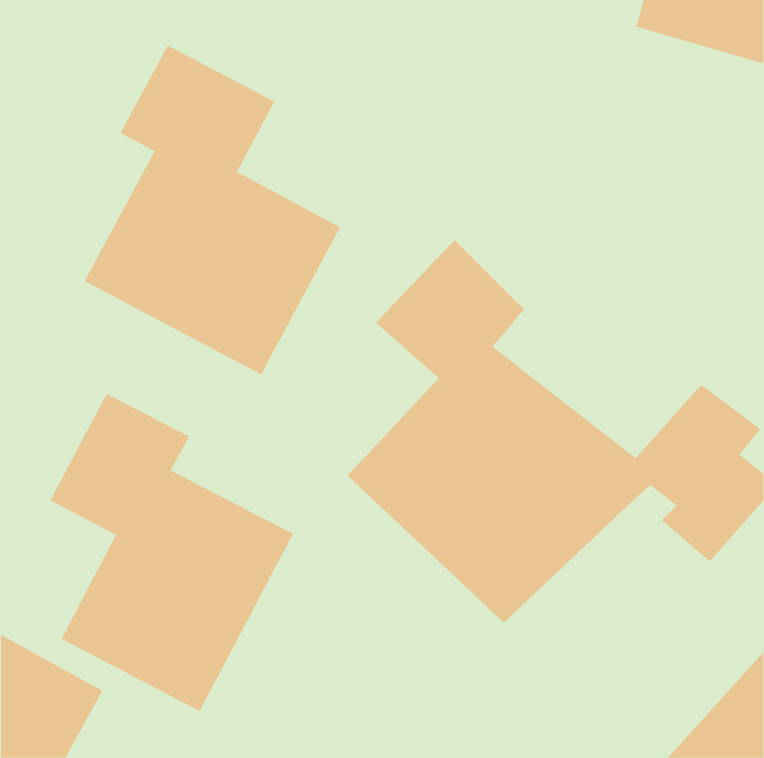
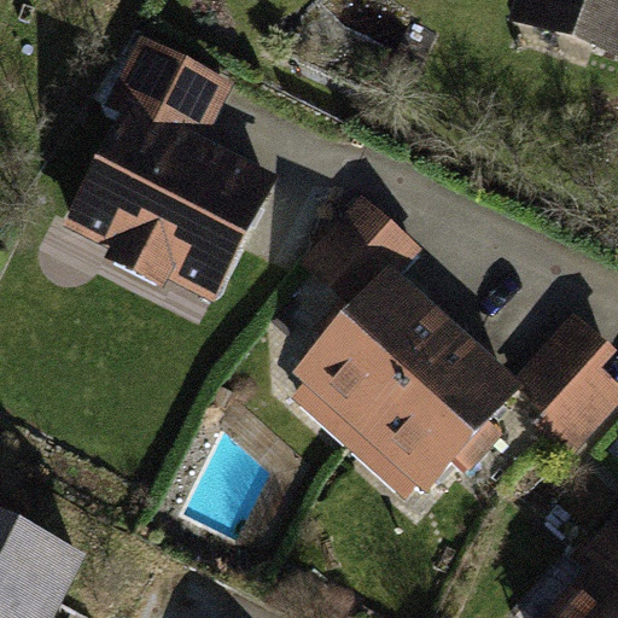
building: [49,393,294,712] -> none

